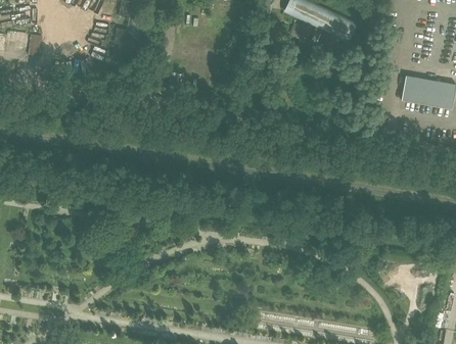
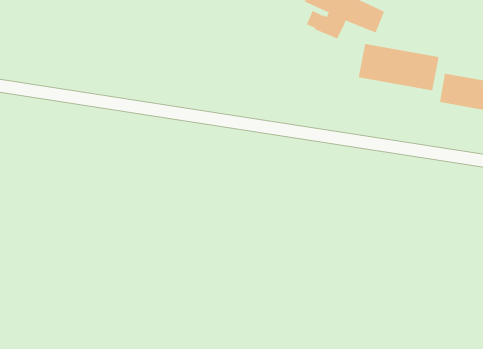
building: none -> [358,43,439,91]

